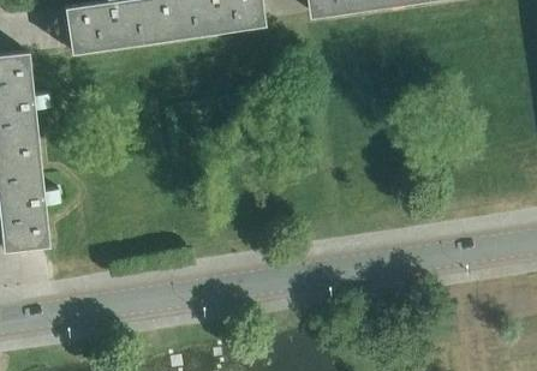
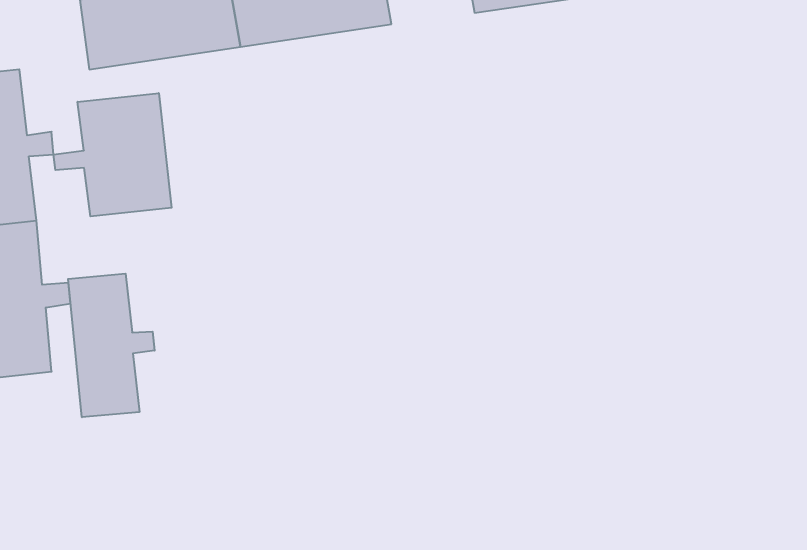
building: none -> [53,93,172,216]
building: none -> [68,274,155,417]

